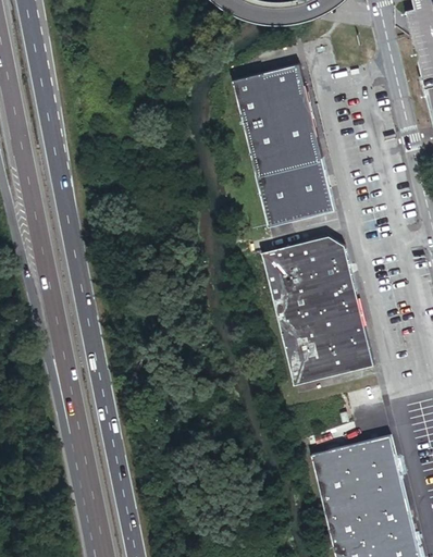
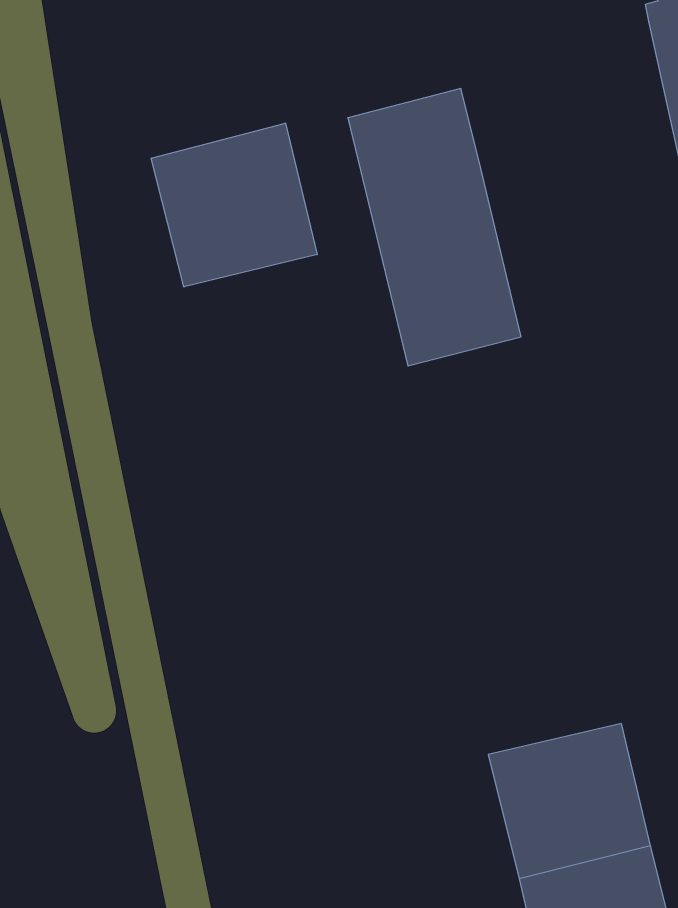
building: none -> [151,123,317,287]
building: [261,235,373,385] -> none

